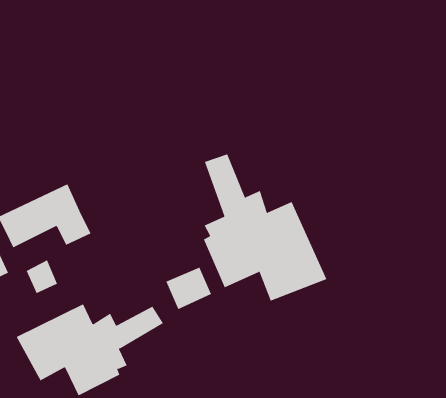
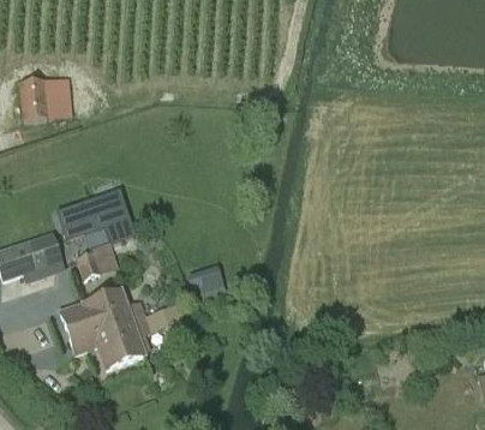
building: [203,154,327,302] -> none

